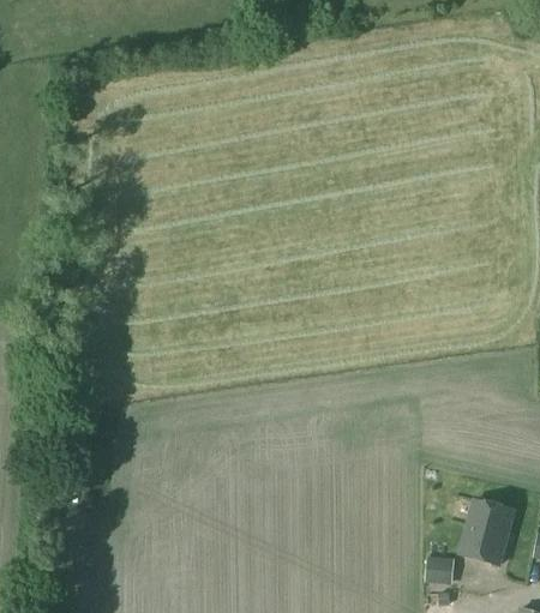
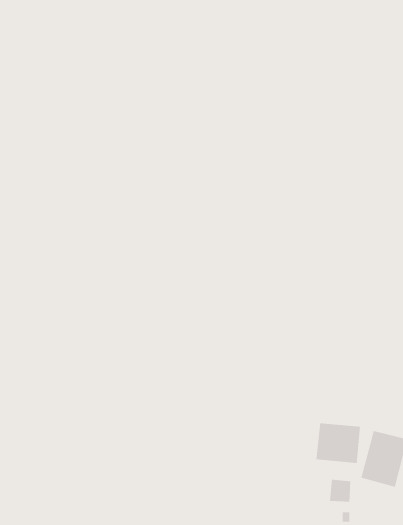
building: none -> [316,423,360,464]

